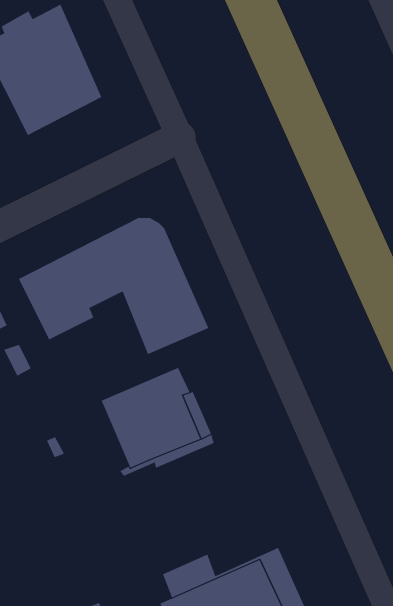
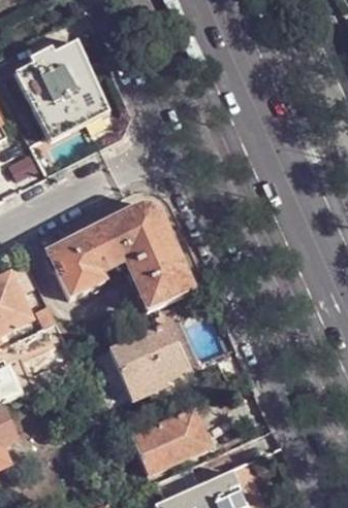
building: none -> [130,409,211,474]

